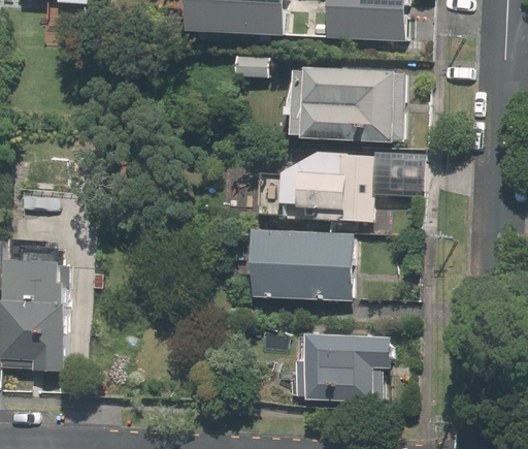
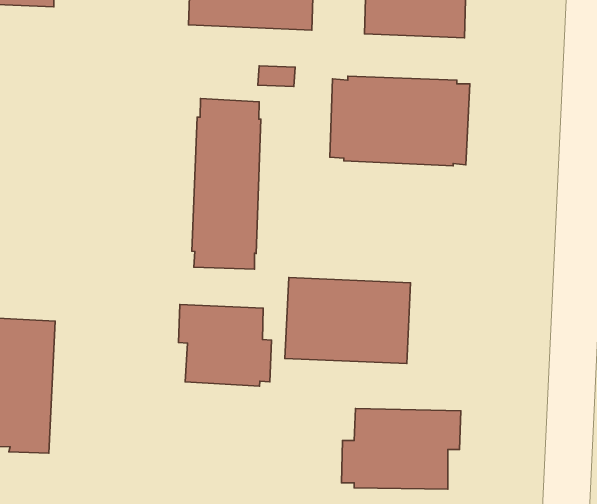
building: none -> [192,98,261,269]
building: [279,151,419,220] -> none
building: none -> [178,305,272,386]

